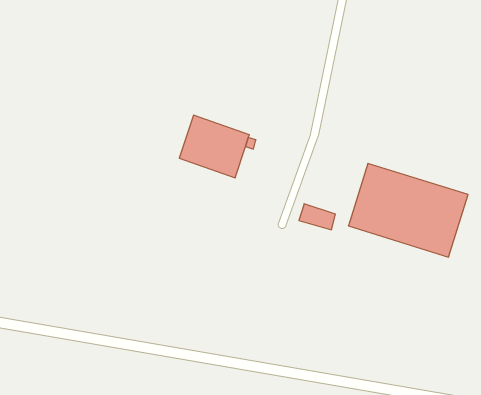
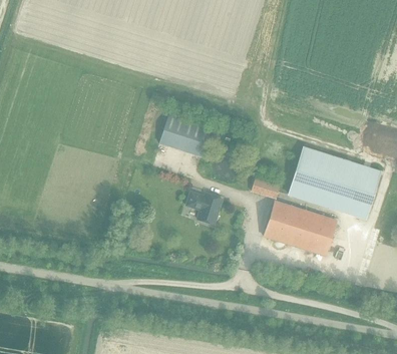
building: none -> [185,193,222,225]
building: none -> [264,202,336,256]

